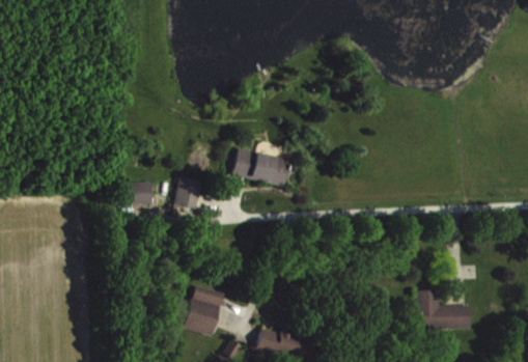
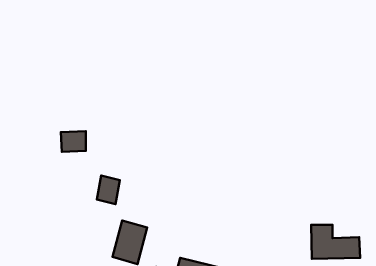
building: [232,147,290,187] -> none
building: [175,176,202,210] -> [97,176,120,204]

